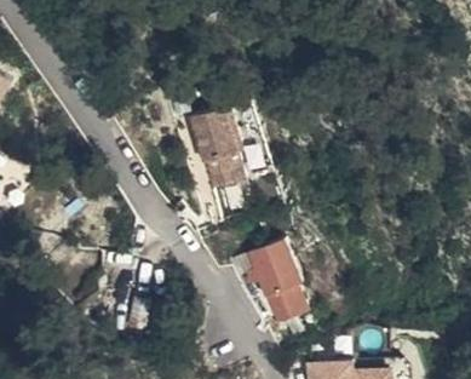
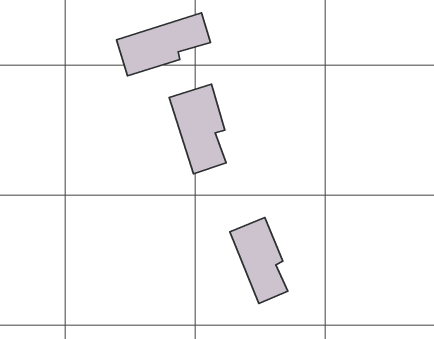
building: none -> [116,13,211,76]

